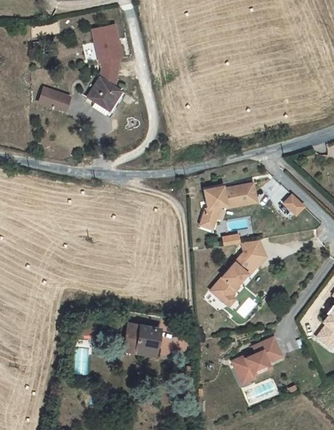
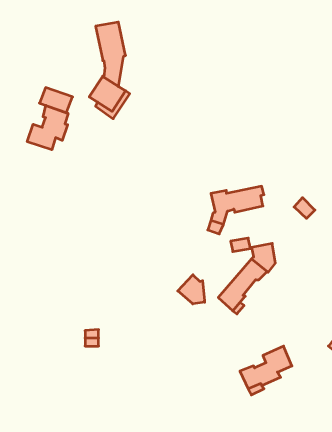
building: none -> [27,105,68,150]
building: none -> [178,275,205,304]
building: [124,323,159,356] -> none

